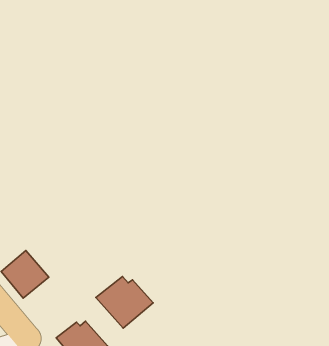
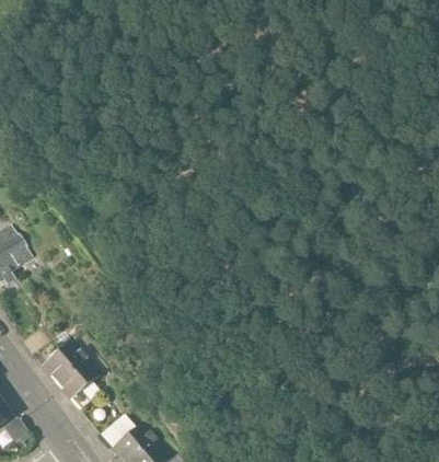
building: [96,276,153,328] -> none

